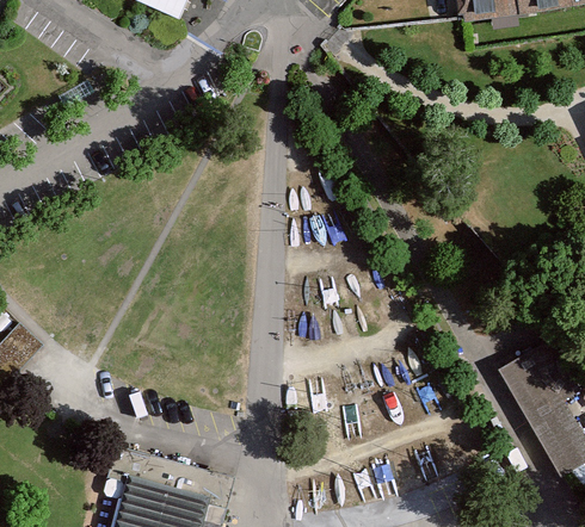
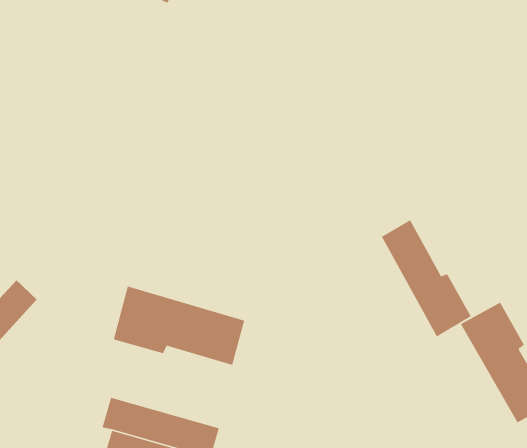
building: none -> [381,219,472,337]
building: none -> [113,285,245,366]

